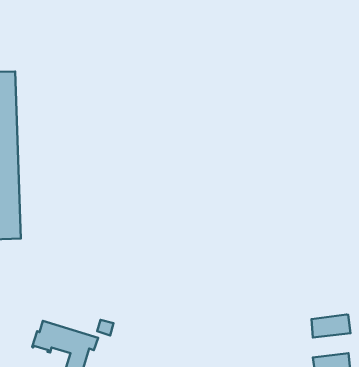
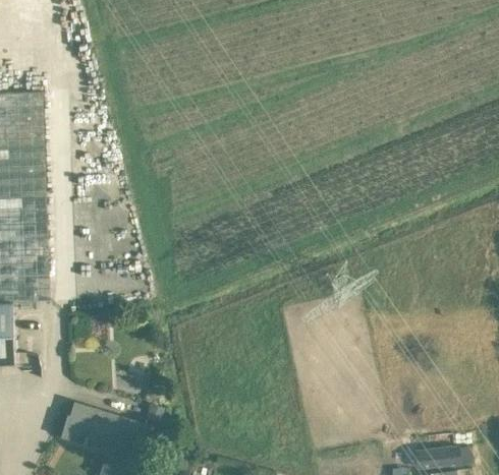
building: [311,314,351,338] -> none

